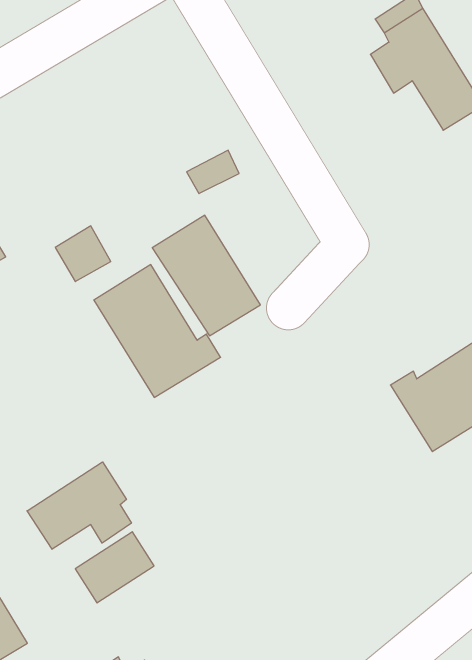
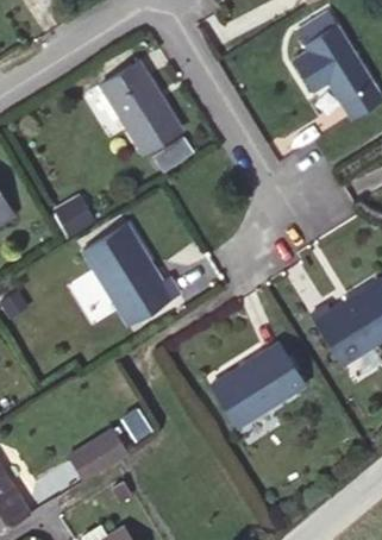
building: [152,215,260,336] -> [99,61,182,153]
building: none -> [211,344,305,427]
building: [27,462,131,549] -> none

